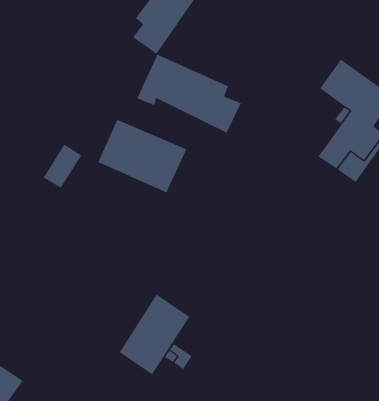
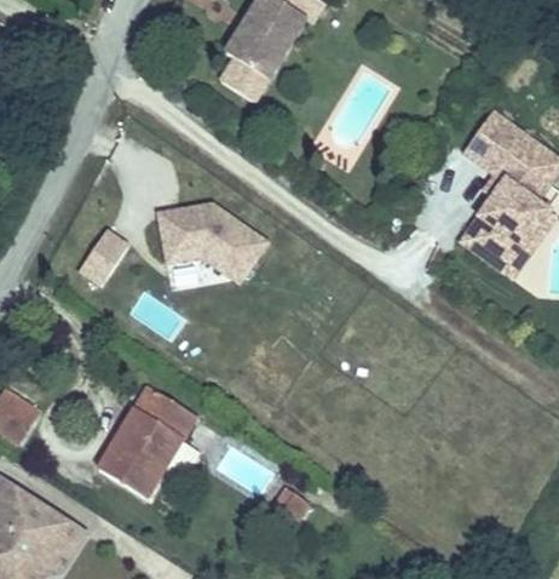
building: [136,54,242,134] -> none
building: [119,294,190,375] -> [87,386,181,494]

